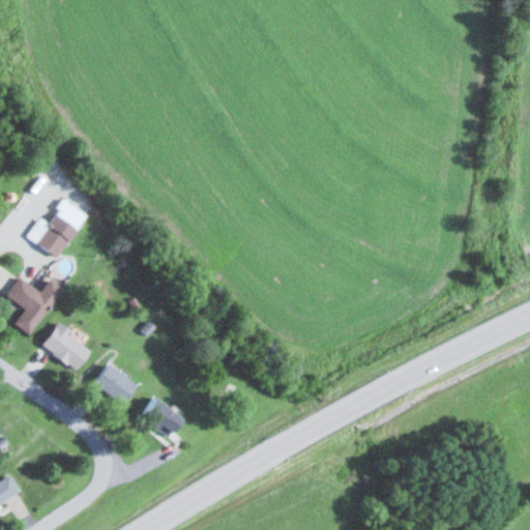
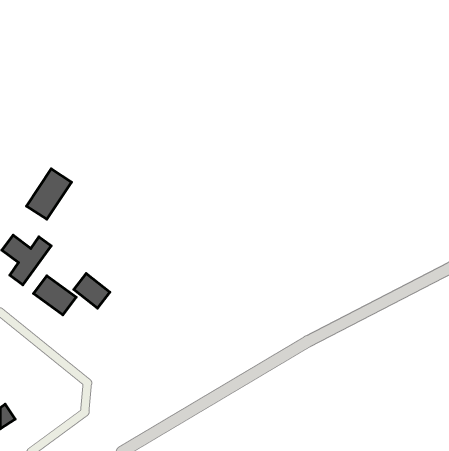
building: [94,364,137,405] -> [74,274,110,308]
building: [141,398,183,438] -> none

